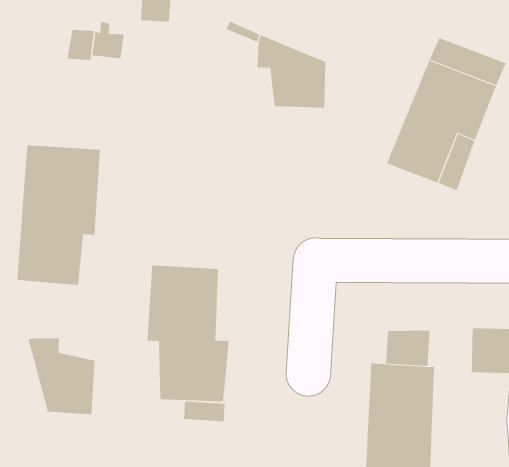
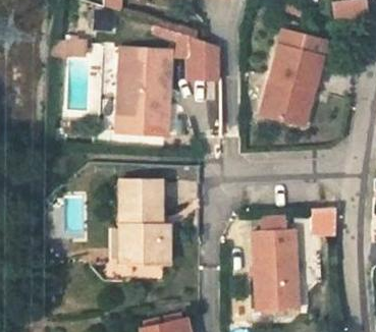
building: [16,145,101,286] -> [121,49,168,133]
building: [28,337,95,415] -> none

